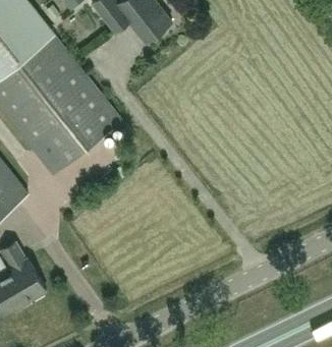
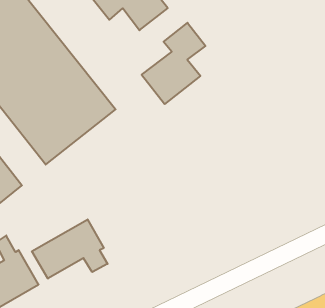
building: none -> [142,23,205,104]
building: none -> [32,219,108,279]

